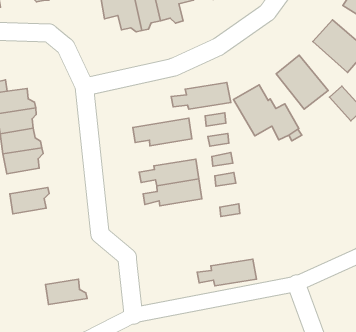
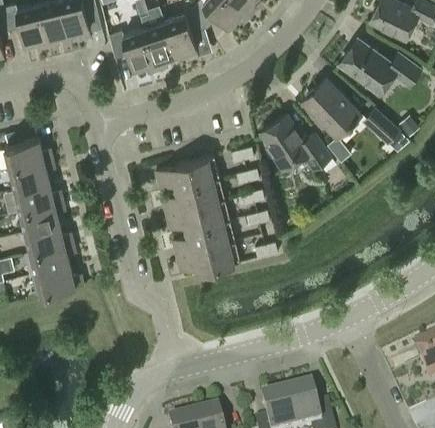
building: [171,82,231,109] -> [161,178,225,210]
building: none -> [25,223,70,253]
building: [197,259,257,286] -> [177,241,241,273]
building: [45,279,87,305] -> [35,265,81,295]

